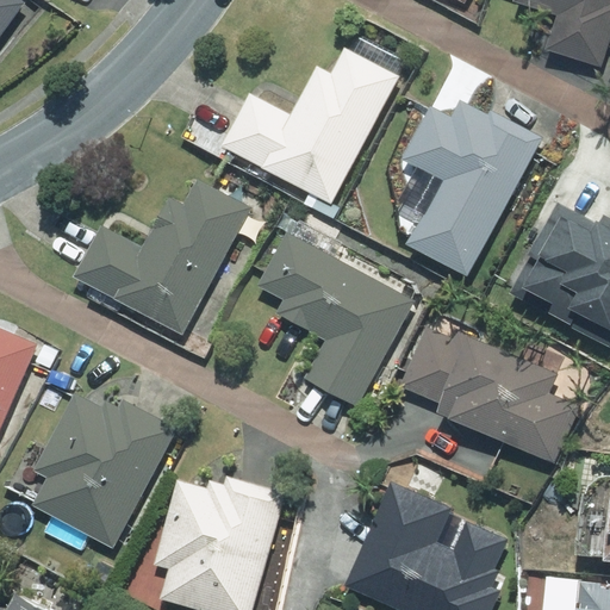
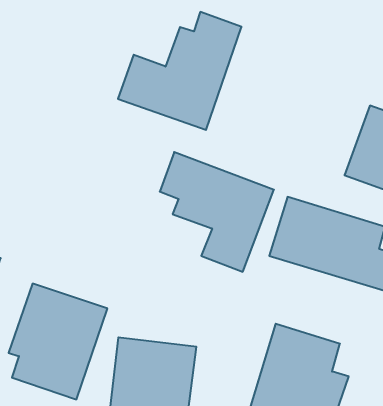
building: [406,80,556,282] -> none
building: [75,181,248,336] -> none

